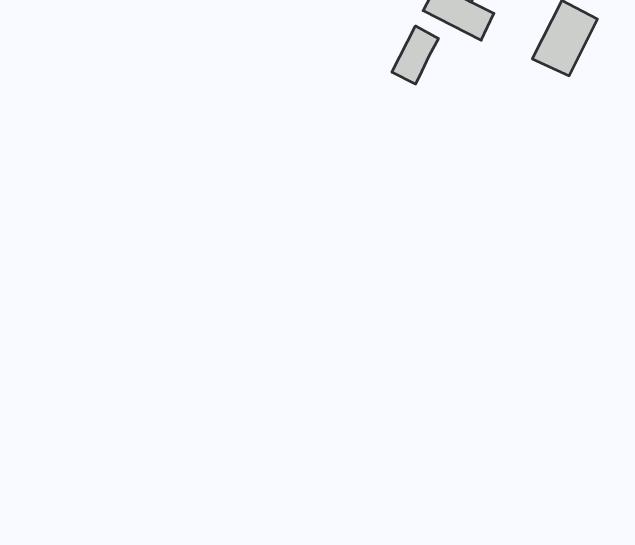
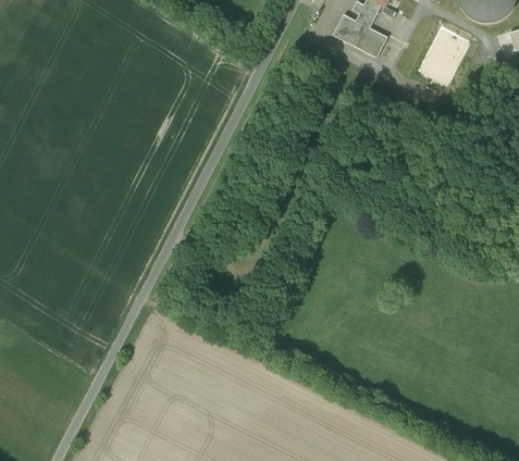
building: [392,26,438,84] -> none

